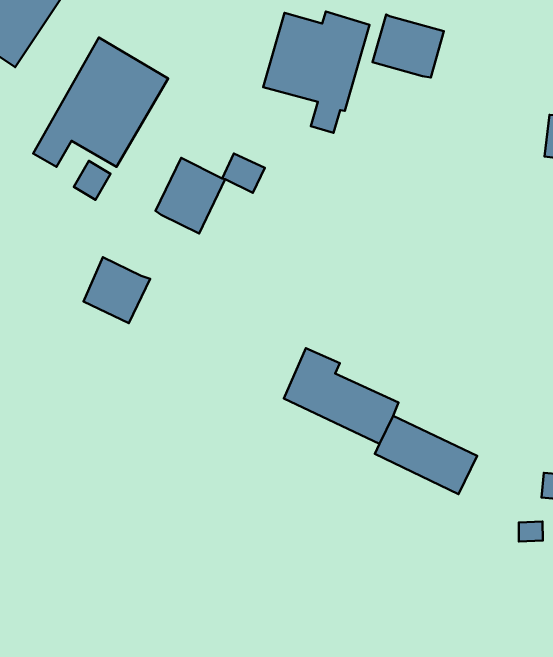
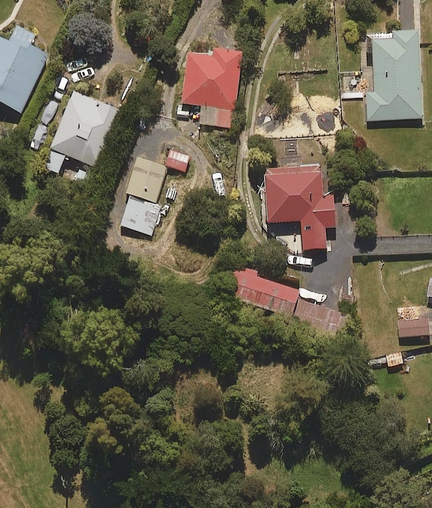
building: [372,15,444,78] -> none
building: none -> [263,167,327,251]
building: [83,257,150,323] -> [121,194,161,233]

